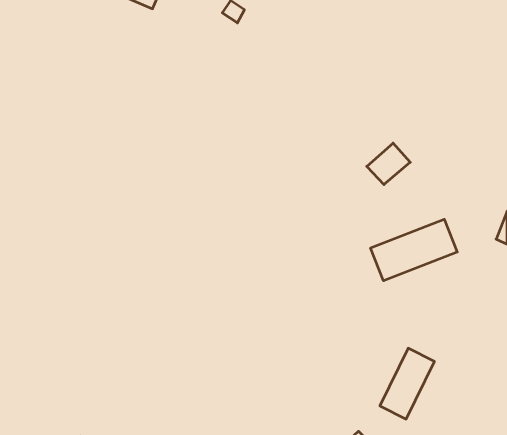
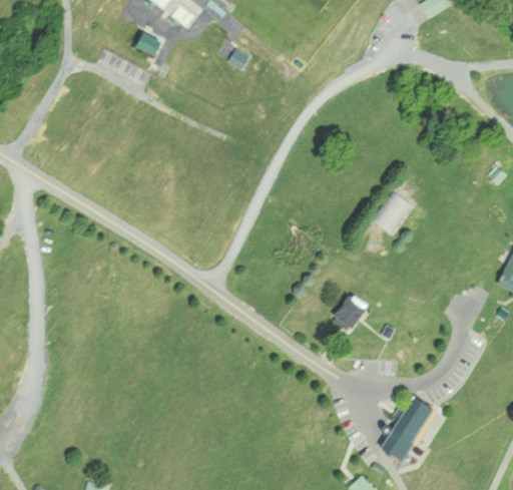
building: [371,219,457,281] -> none
building: none -> [341,298,368,325]

